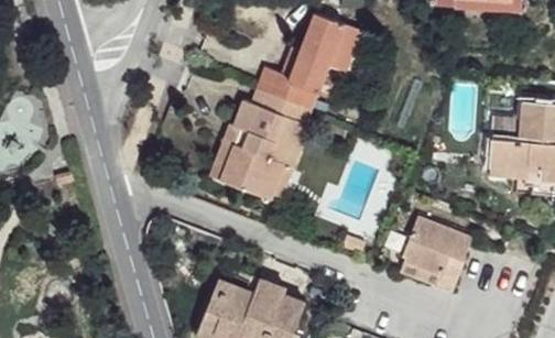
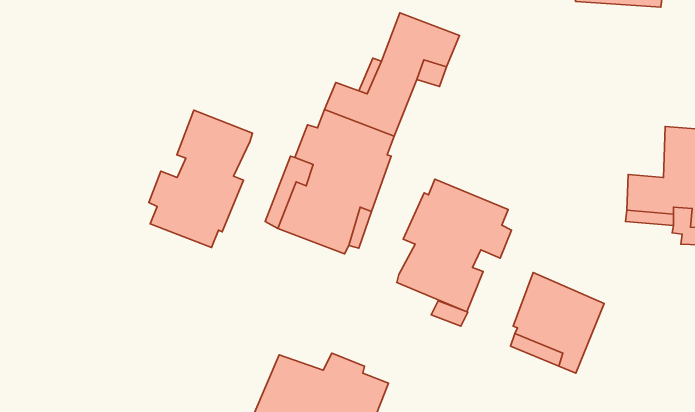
building: none -> [149,110,252,248]
building: none -> [397,179,512,312]

